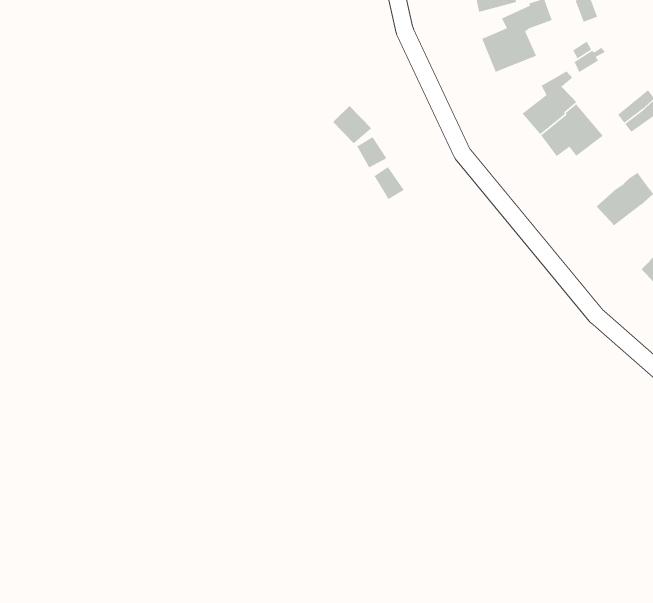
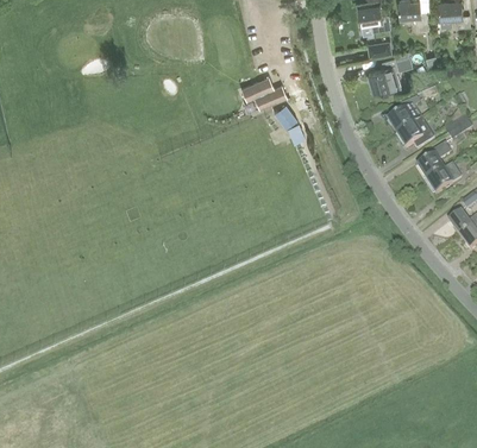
building: none -> [240,77,285,109]
building: none -> [416,144,451,182]

